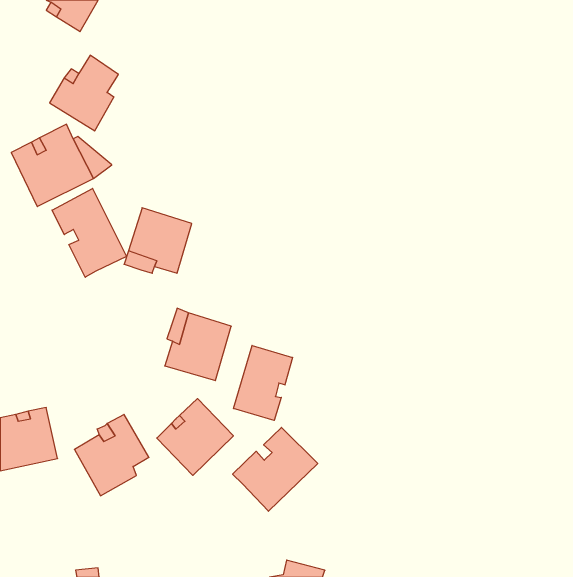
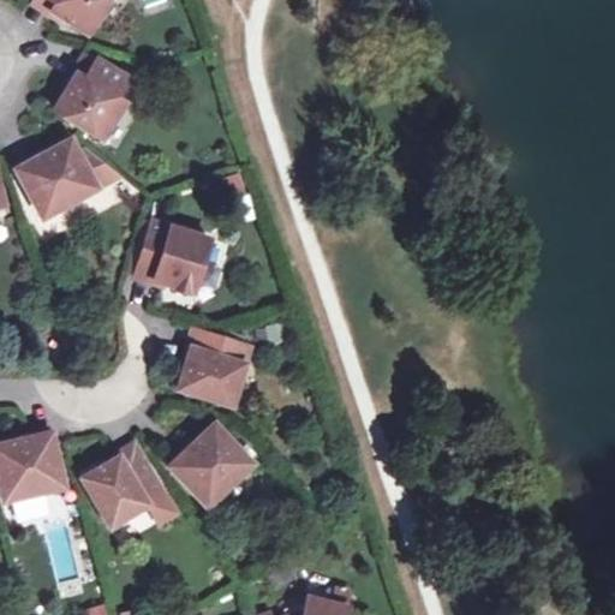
building: [52,188,127,277] -> none
building: [234,345,293,420] -> none
building: [233,427,318,511] -> none

